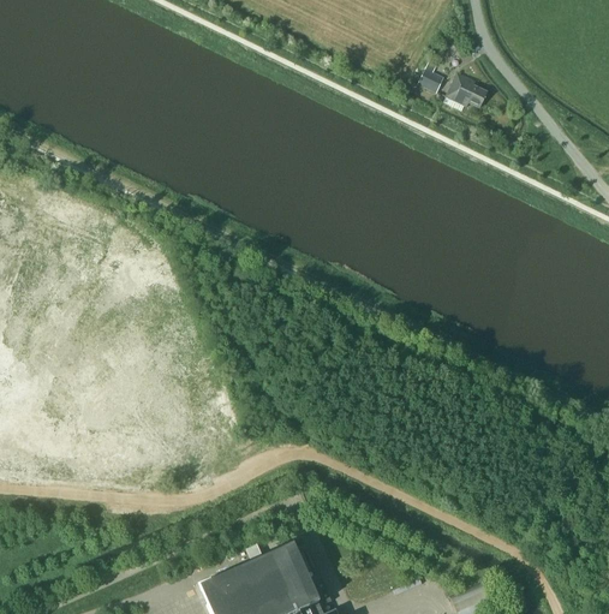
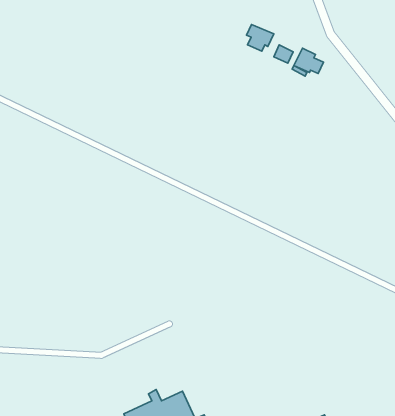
building: none -> [247,24,274,51]

